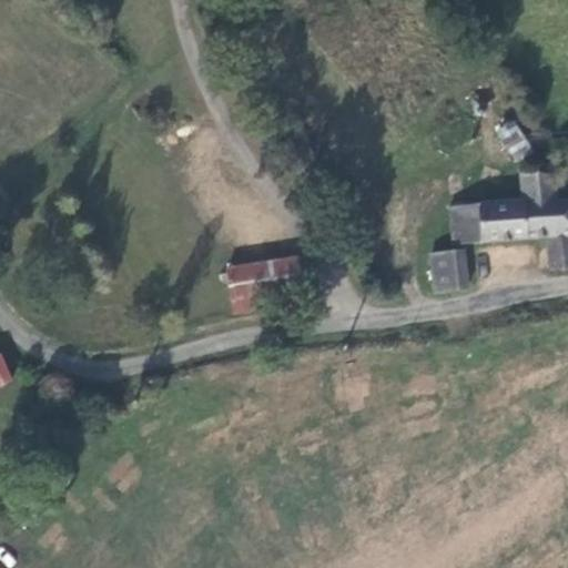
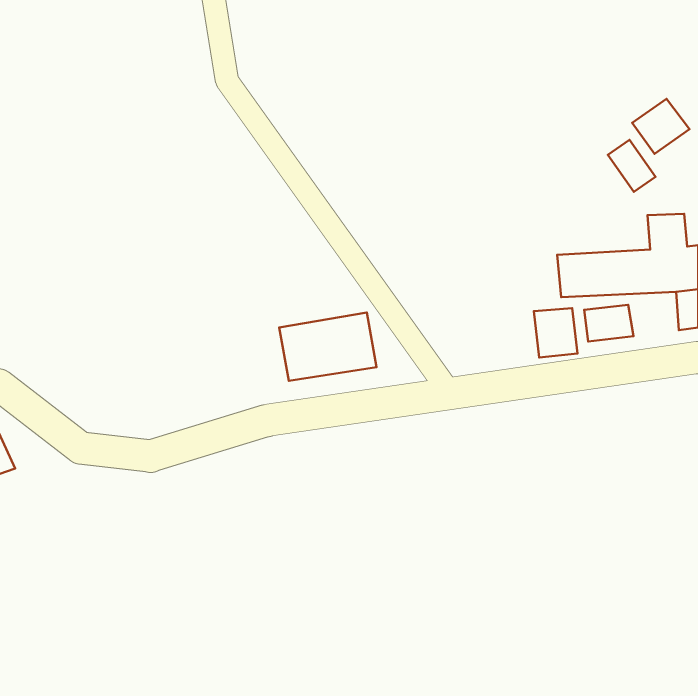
building: none -> [632,99,690,154]
building: none -> [584,305,634,342]

